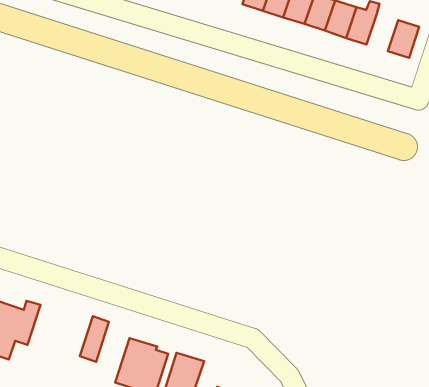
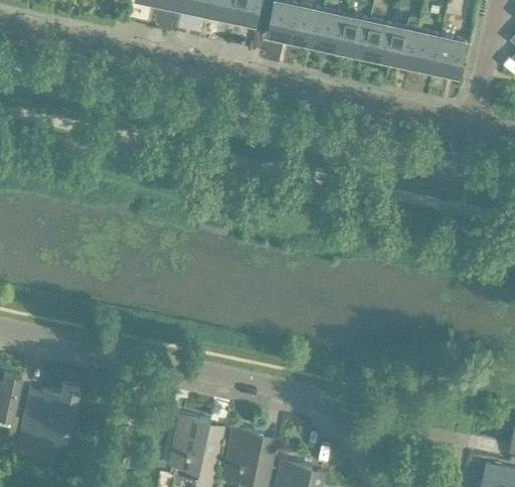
building: none -> [408,32,441,72]
building: [80,316,109,362] -> none

